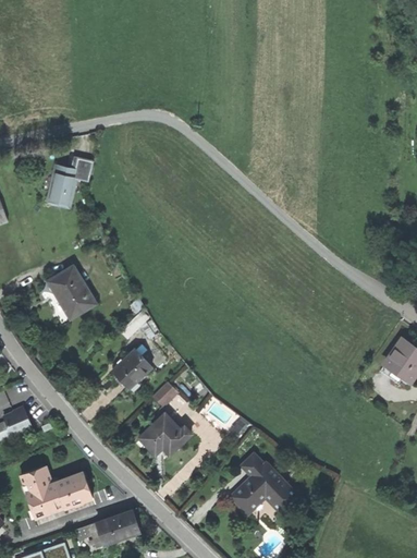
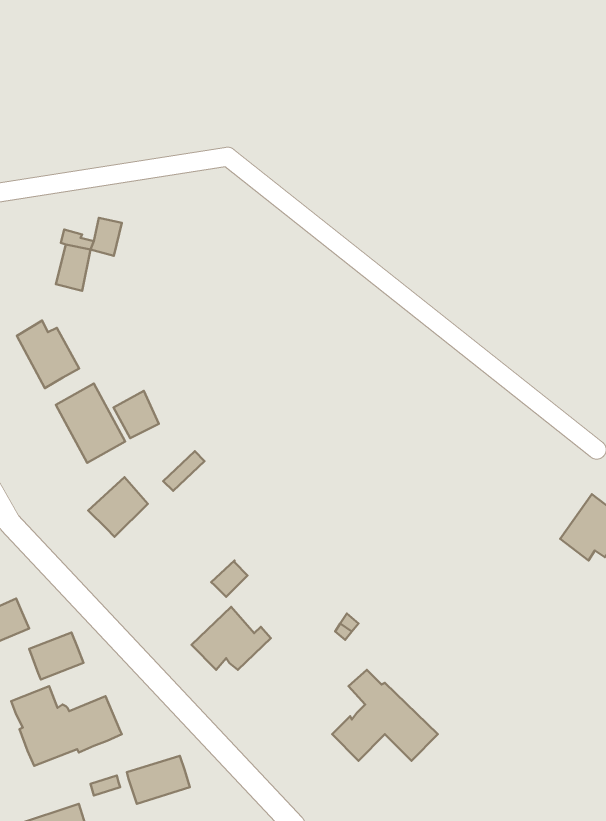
building: none -> [17,321,79,388]
building: none -> [113,391,159,438]
building: [112,349,151,388] -> [88,477,148,537]
building: none -> [29,632,83,679]

